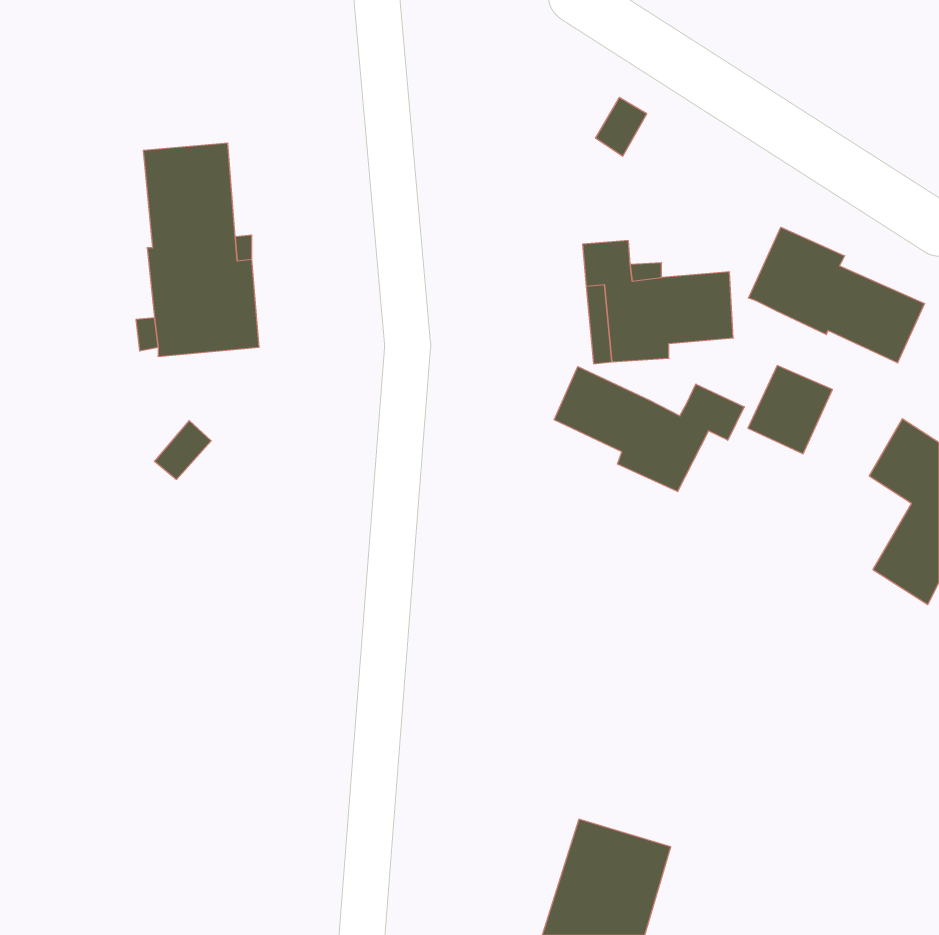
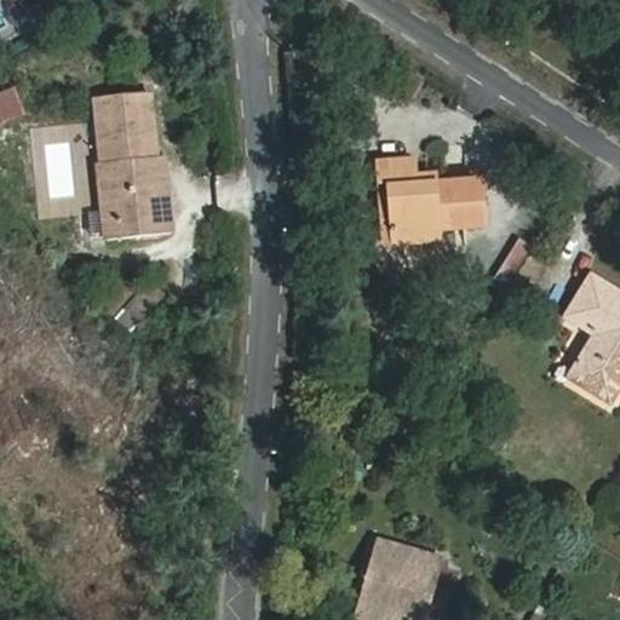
building: [749,227,925,363] -> none
building: [554,367,744,492] -> none

